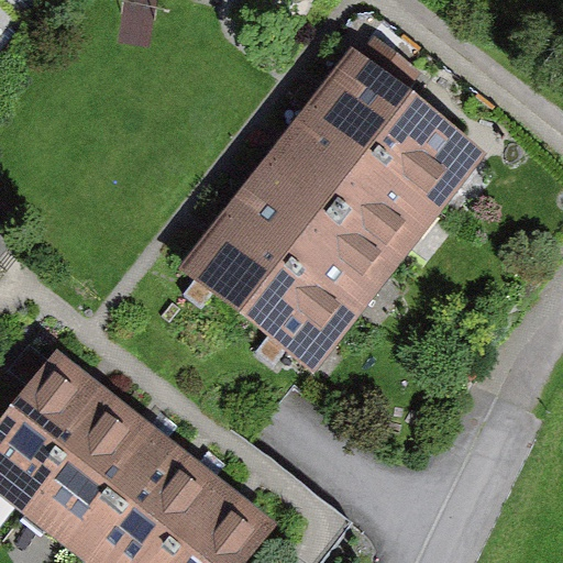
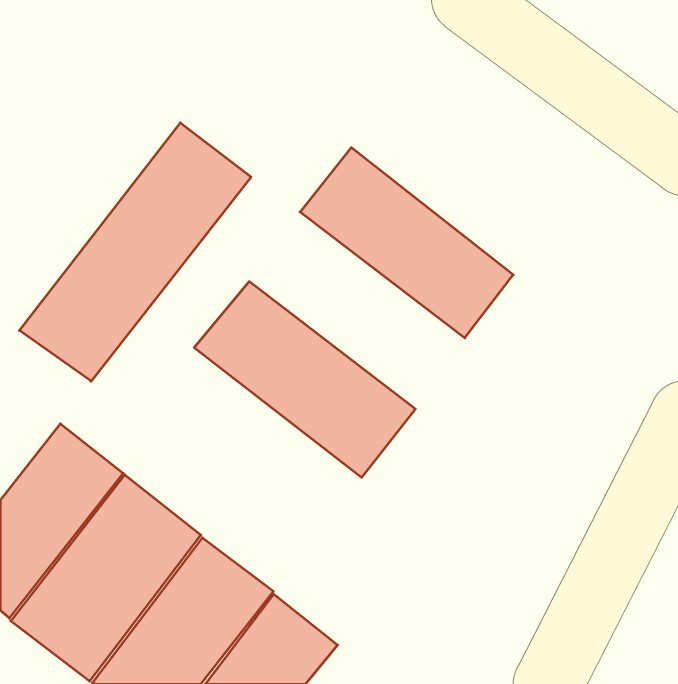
building: [291,42,473,221] -> none
building: none -> [19,123,251,381]
building: [211,177,389,333] -> none

